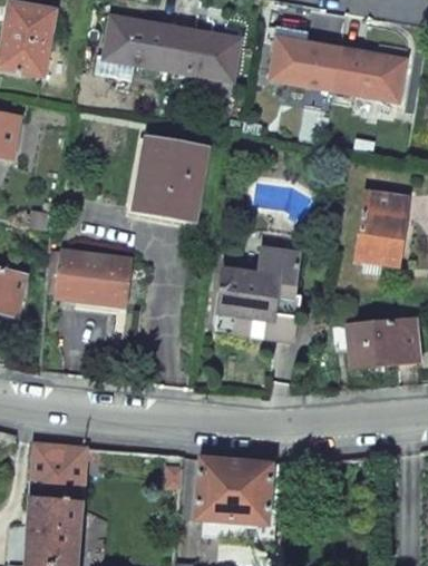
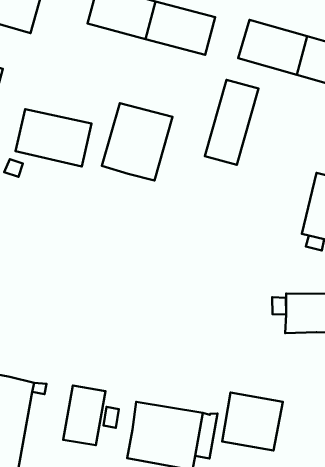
building: none -> [205,80,259,165]
building: [212,248,300,341] -> none
building: [56,252,134,306] -> [16,109,91,166]
building: none -> [222,392,283,450]
building: none -> [63,386,105,445]

